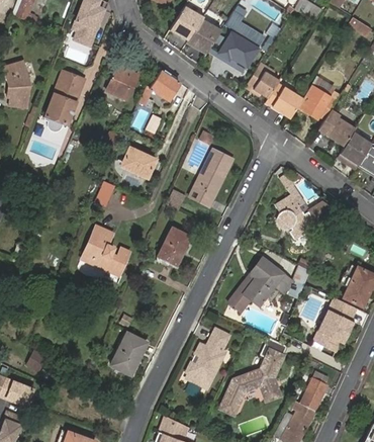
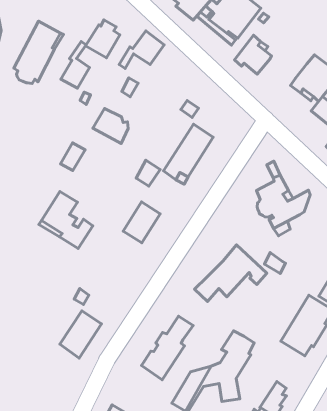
building: [266,85,302,117] -> none
building: none -> [61,41,90,88]

